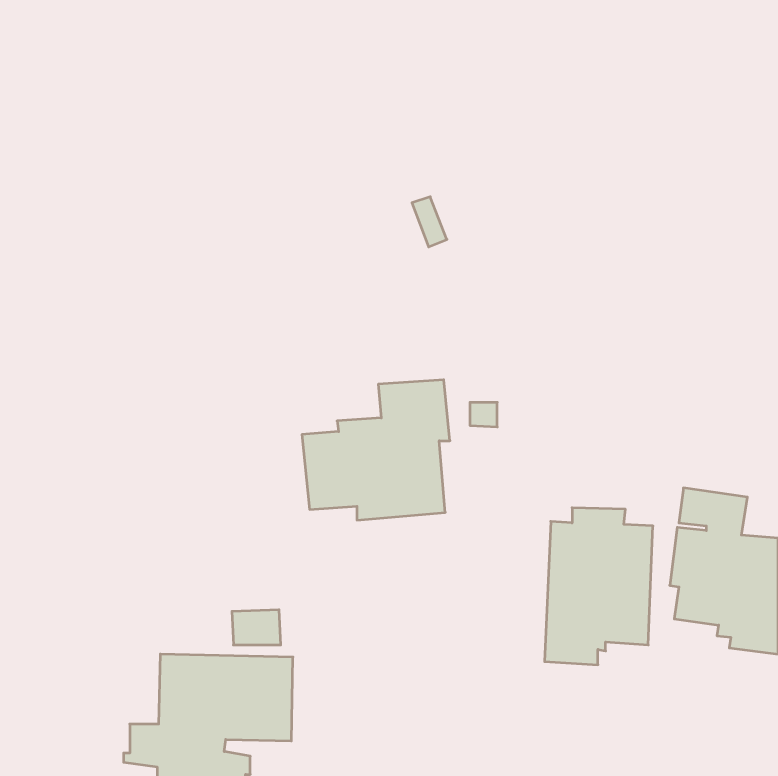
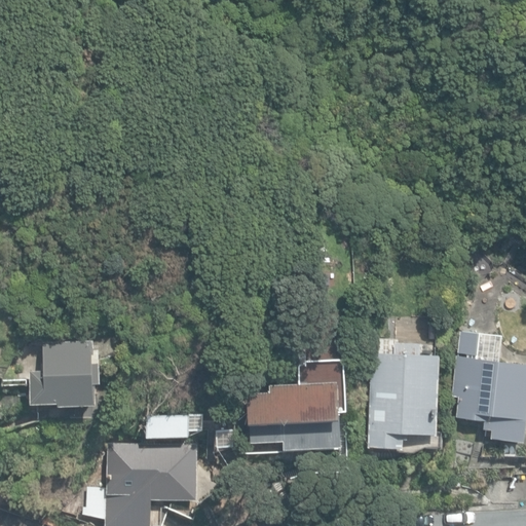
building: [302,380,450,520] -> [247,358,346,452]
building: none -> [29,340,100,407]

